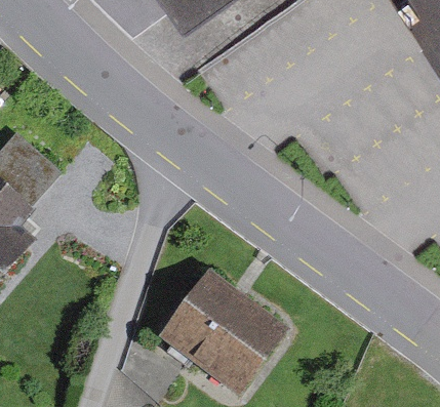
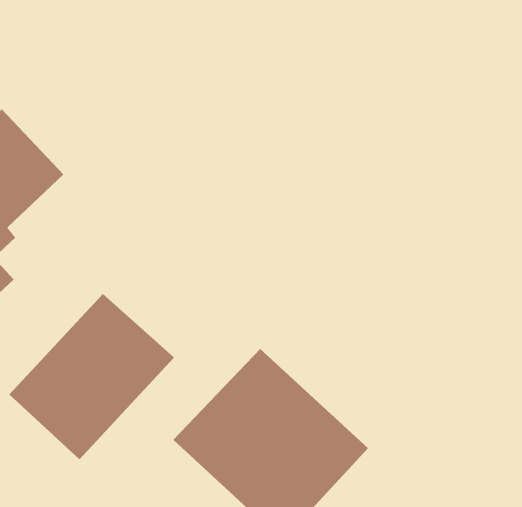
building: none -> [9,293,175,460]

